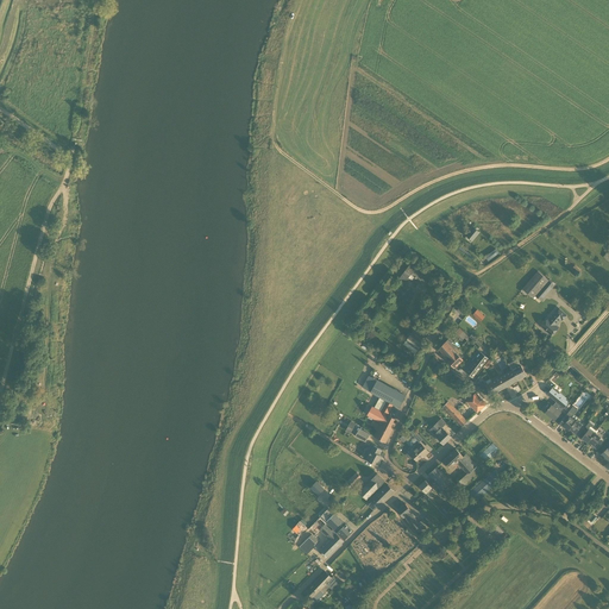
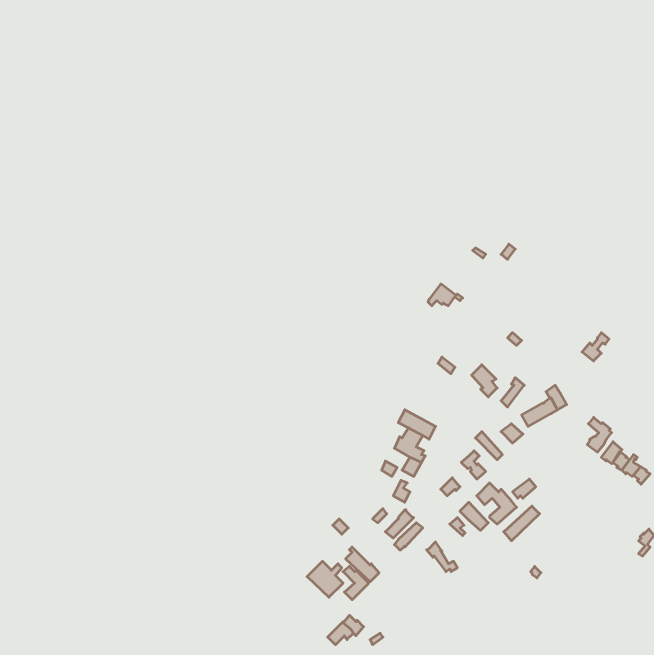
building: [520,270,552,300] -> none

